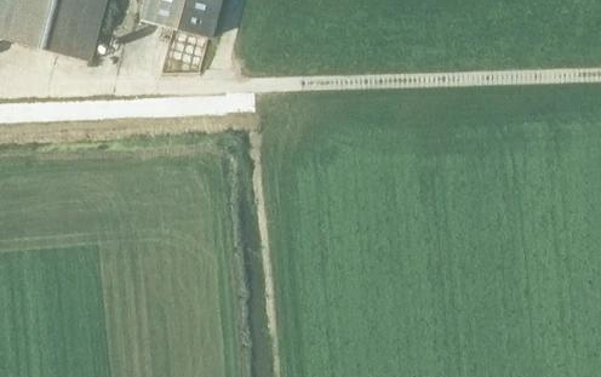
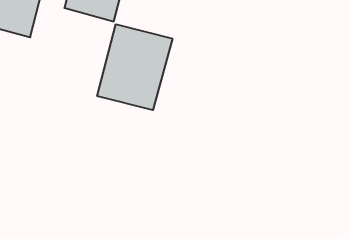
building: none -> [97,24,172,110]

